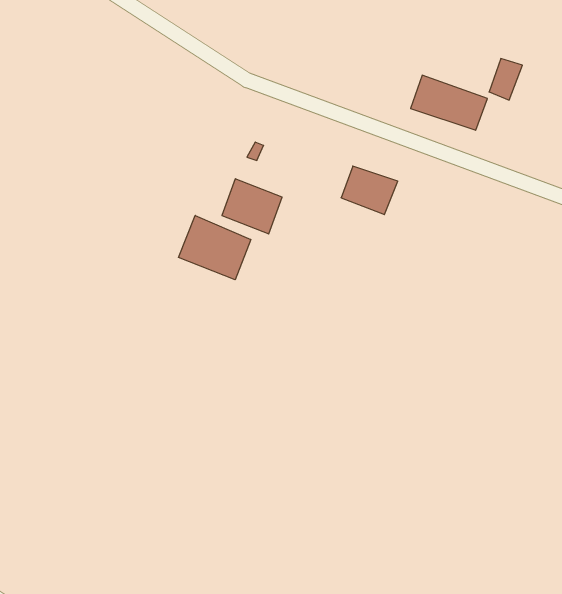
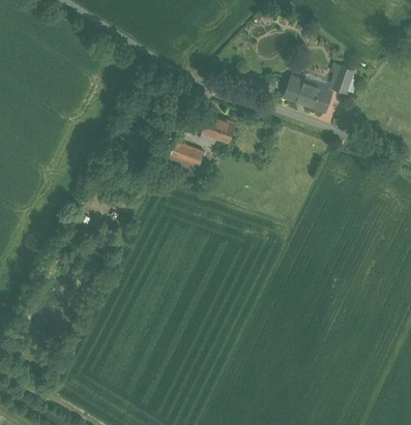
building: [341,166,398,215] -> [201,115,236,145]
building: [178,215,251,280] -> none

